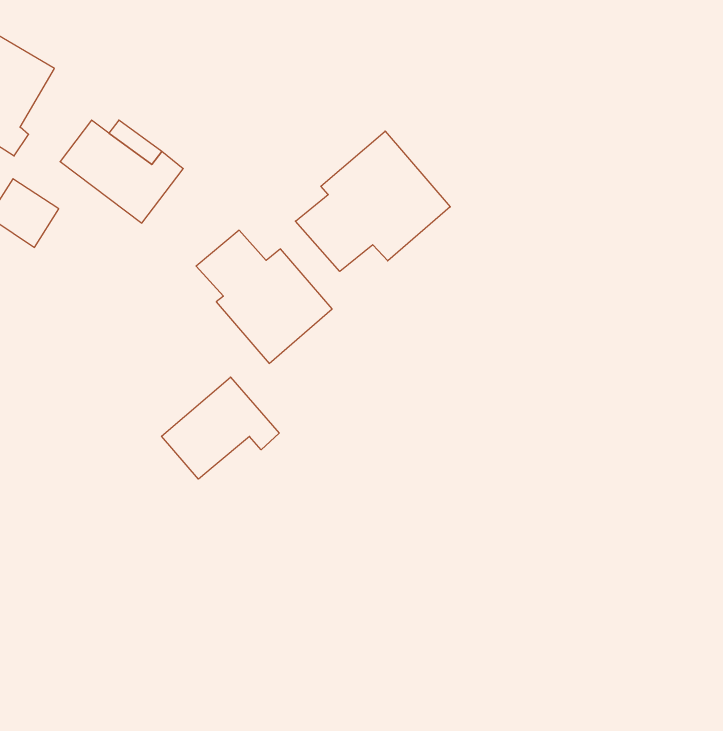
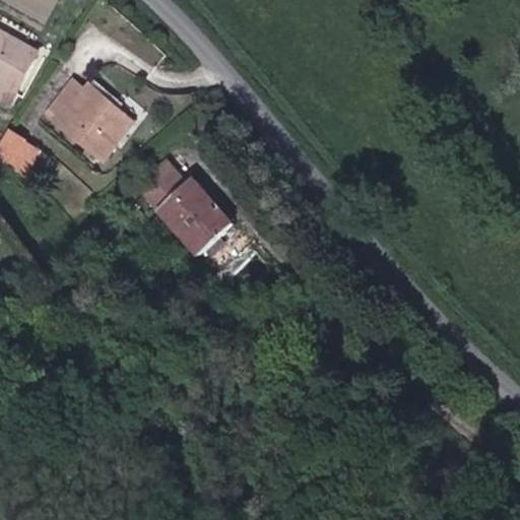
building: [295,131,450,271] -> none
building: [162,377,279,479] -> none

